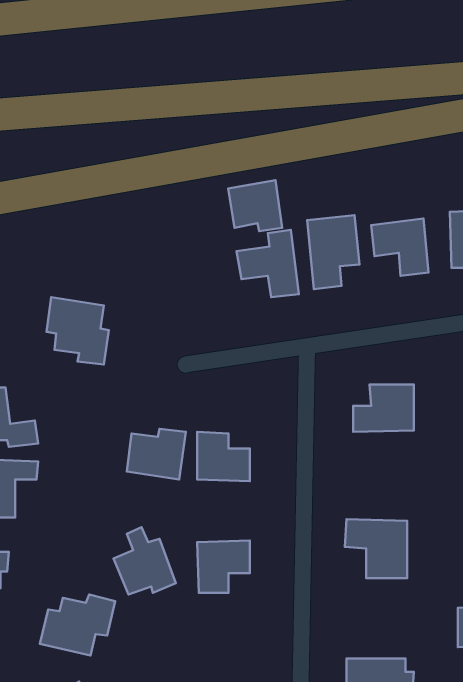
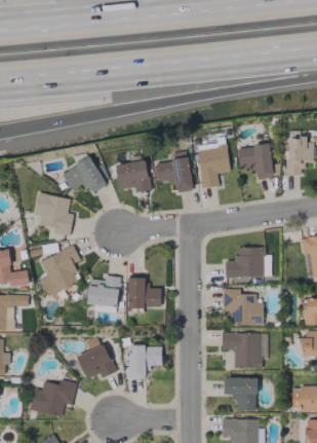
building: [228,180,282,231] -> [116,160,150,192]
building: none -> [62,157,105,193]
building: none -> [40,247,81,296]
building: none -> [223,289,264,326]
building: none -> [223,378,256,411]

